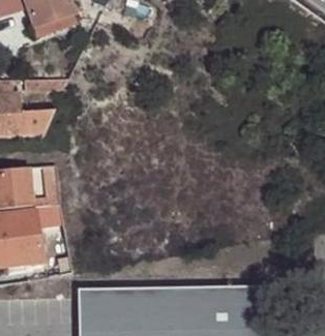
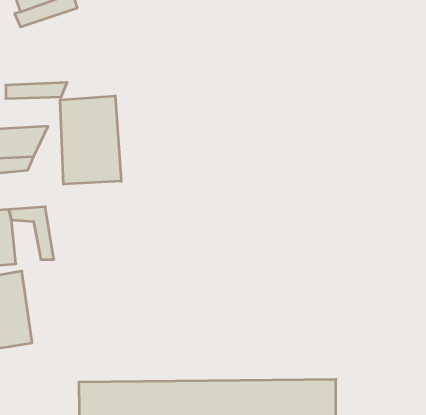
building: none -> [60,96,121,184]

